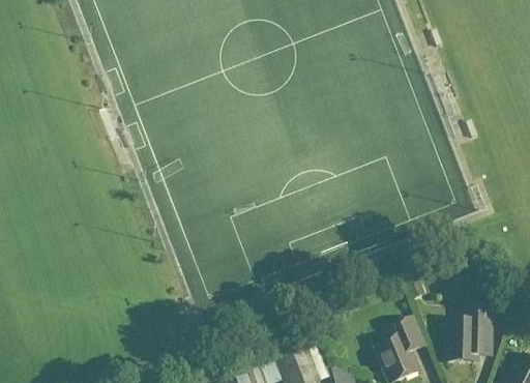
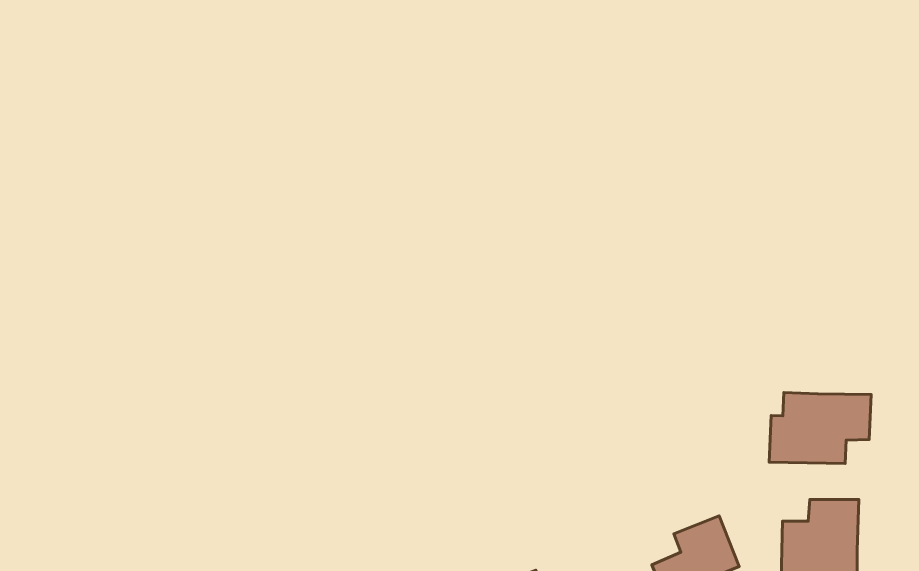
building: none -> [769,392,871,463]

